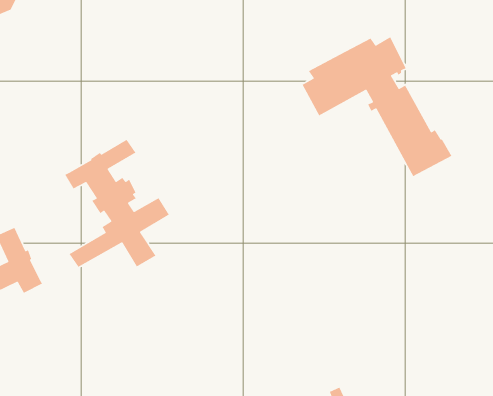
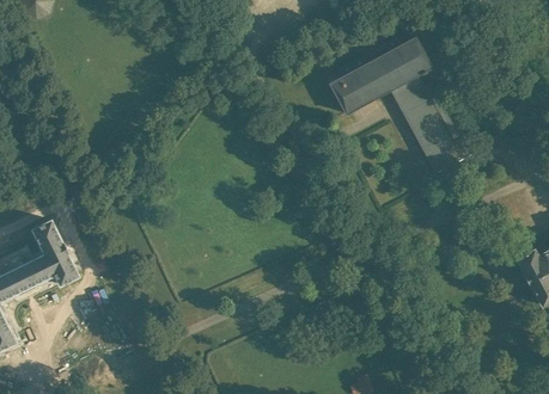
building: [64,139,170,268] -> none

